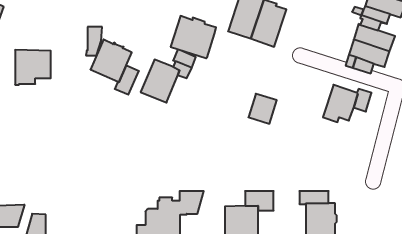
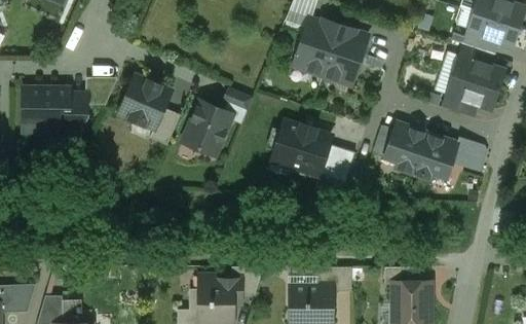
building: [171,16,216,58] -> [272,120,330,174]
building: [86,27,102,55] -> [66,94,86,130]
building: none -> [383,121,426,173]

